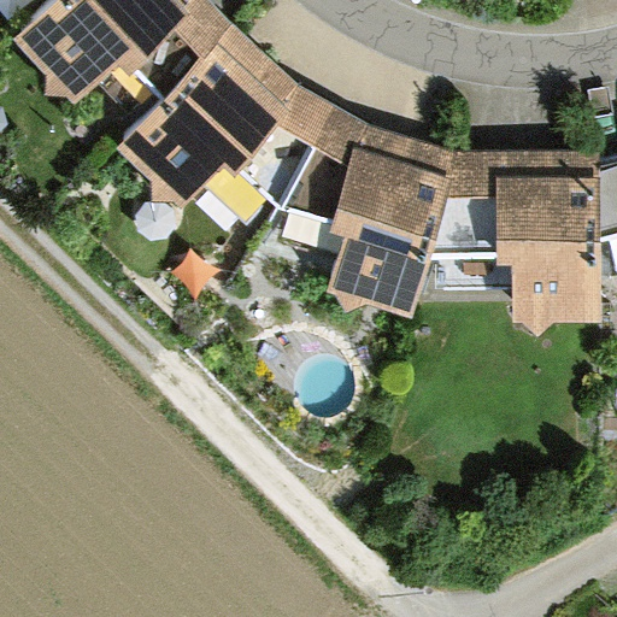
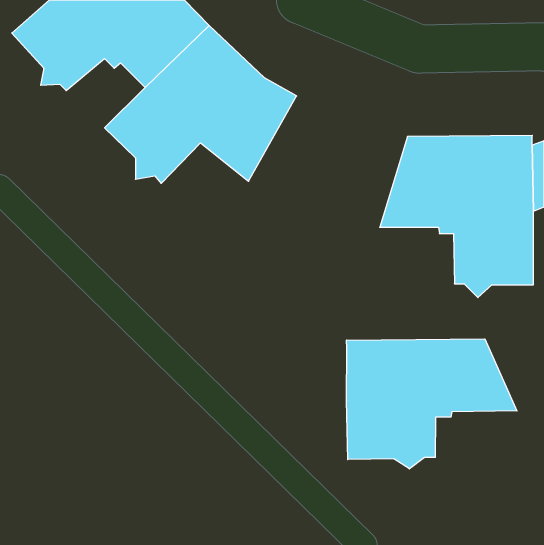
building: [281,108,460,318] -> none
building: none -> [347,339,517,469]

